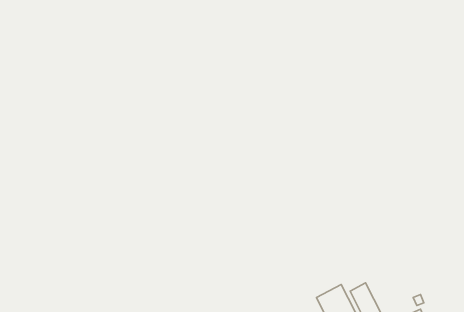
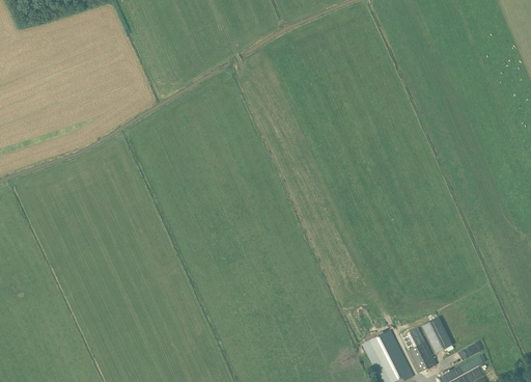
building: none -> [420,318,451,355]

